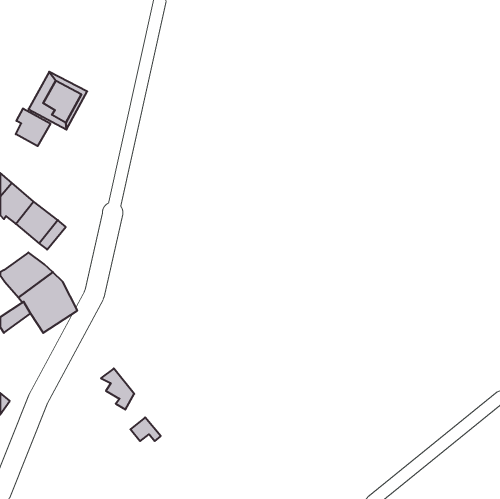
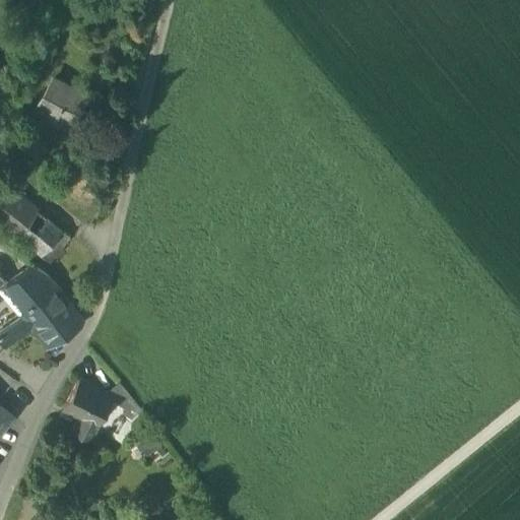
building: [16,108,50,146] -> none
building: none -> [66,381,116,445]

